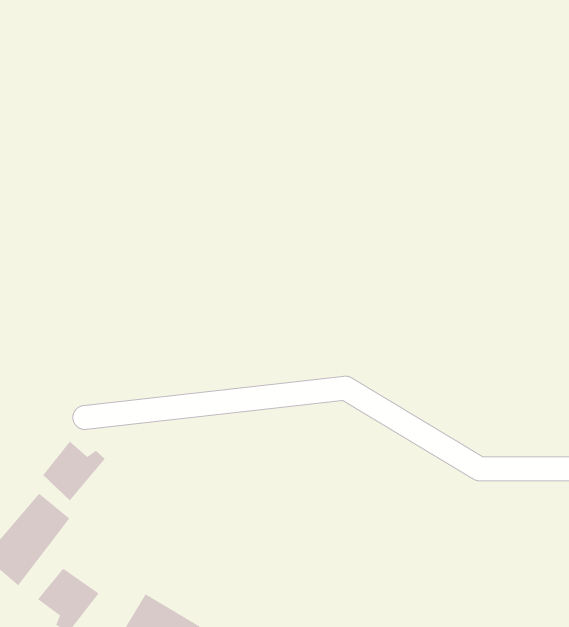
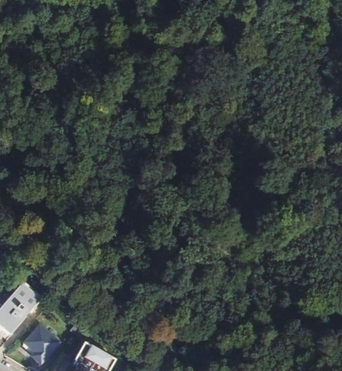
building: [43,441,105,501] -> none

